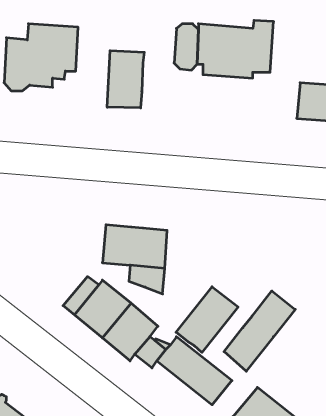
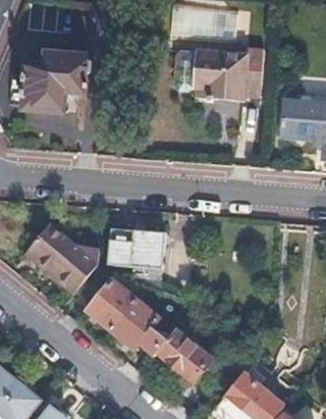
building: [107,51,144,108] -> none
building: none -> [26,225,101,295]
building: [176,287,238,352] -> none
building: [224,291,295,371] -> none

